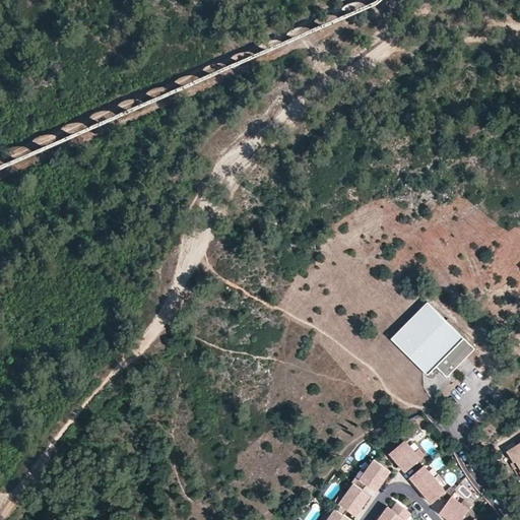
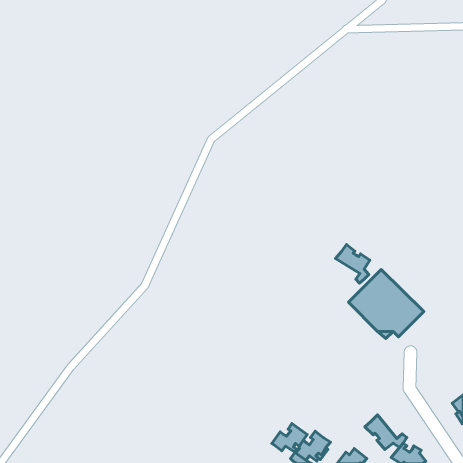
building: none -> [336,244,370,283]
building: [388,440,427,473] -> none
building: [350,460,390,492] -> [272,424,307,452]

